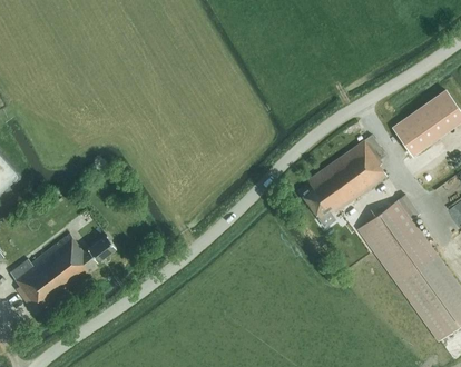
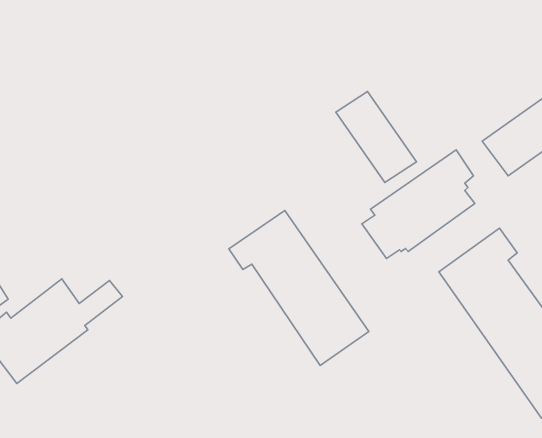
building: none -> [336,92,416,183]
building: none -> [229,210,369,366]

